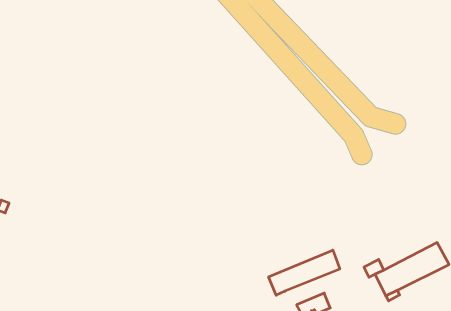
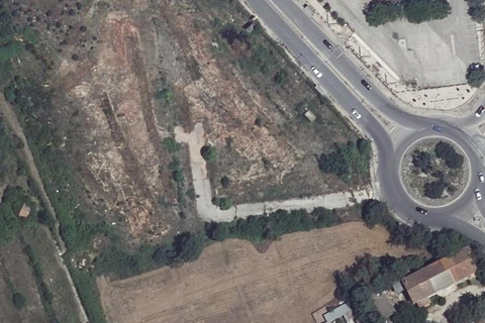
building: [269,250,340,295] -> none

